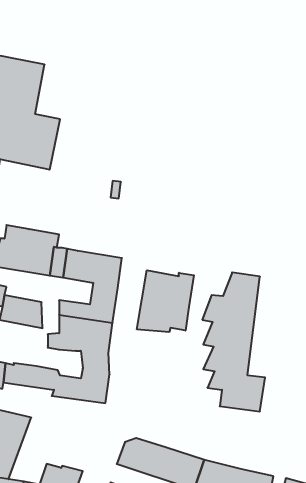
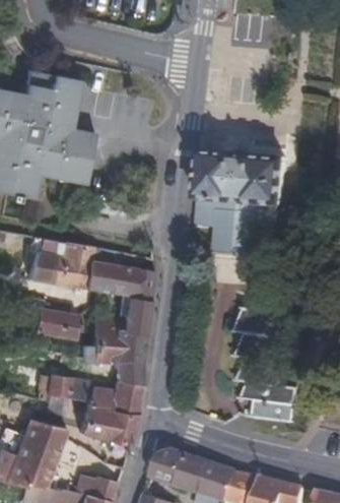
building: none -> [194,150,286,256]
building: [137,270,194,332] -> none
building: none -> [81,407,140,446]

